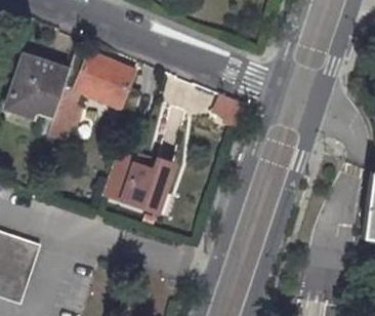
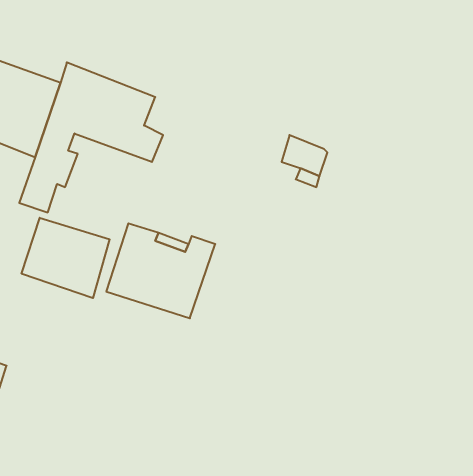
building: none -> [22,218,110,298]

